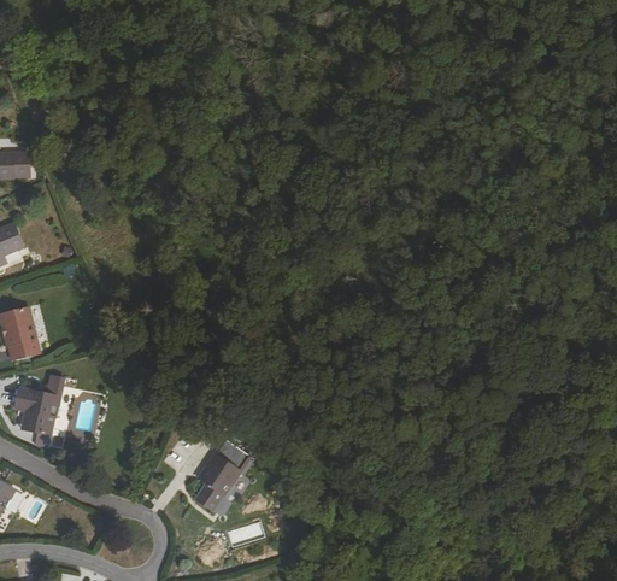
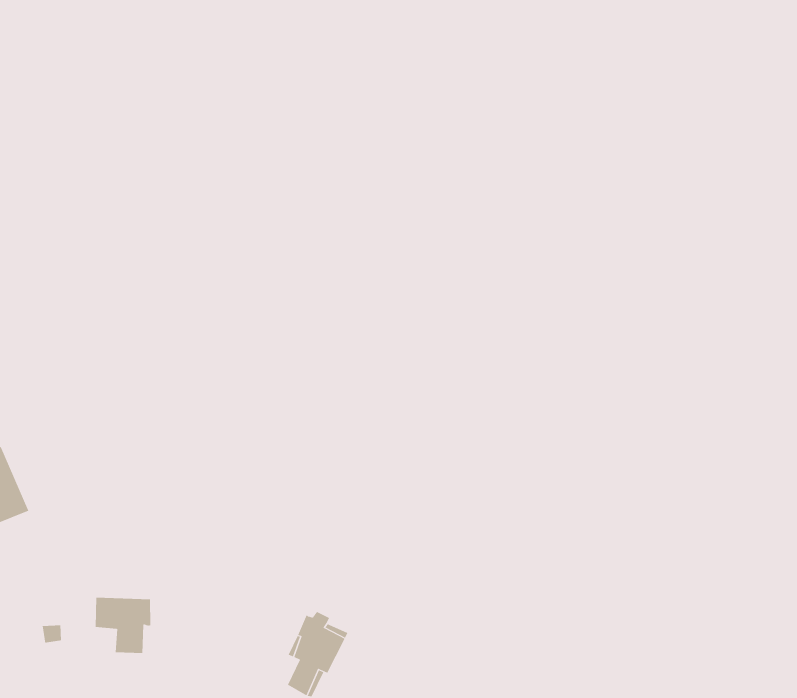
building: [17,388,58,432] -> [95,597,151,653]

